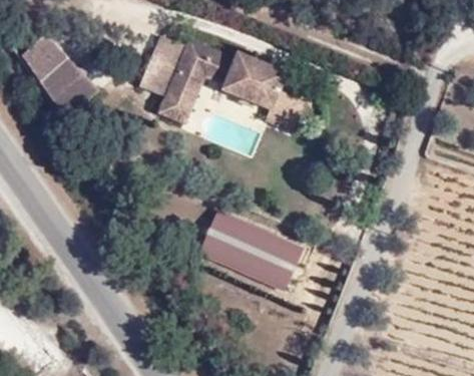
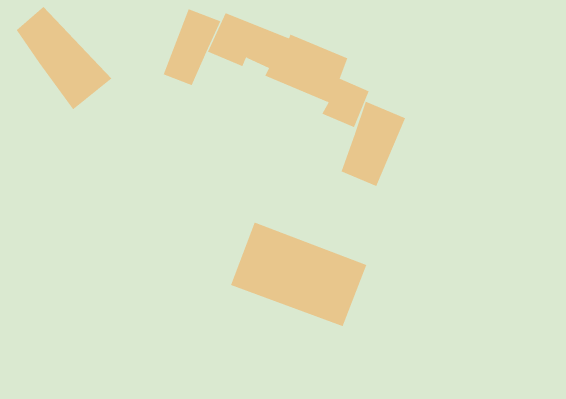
building: [157,70,203,124] -> none
building: none -> [341,101,406,187]

